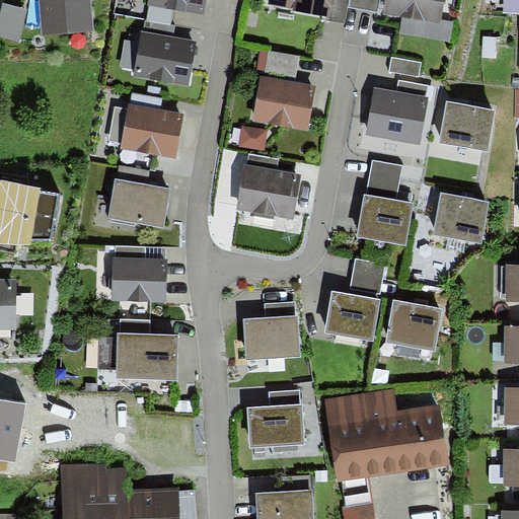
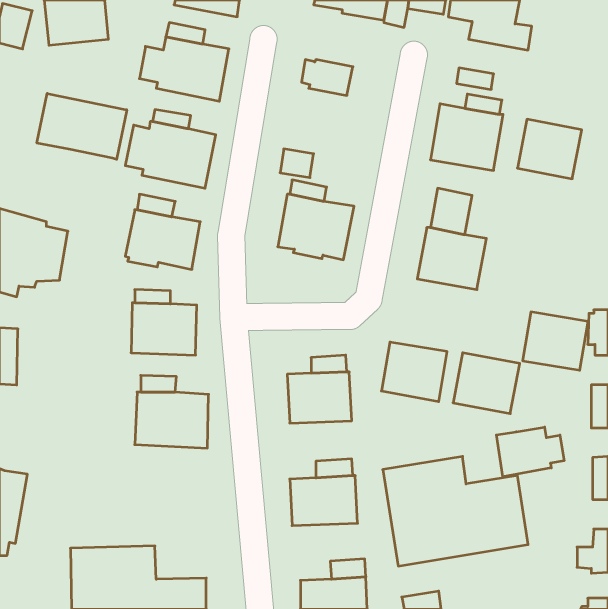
building: [251,76,316,131] -> none
building: none -> [37,93,127,159]
building: [433,194,489,243] -> [523,312,588,370]
building: [350,260,384,294] -> none
building: none -> [496,427,564,477]

